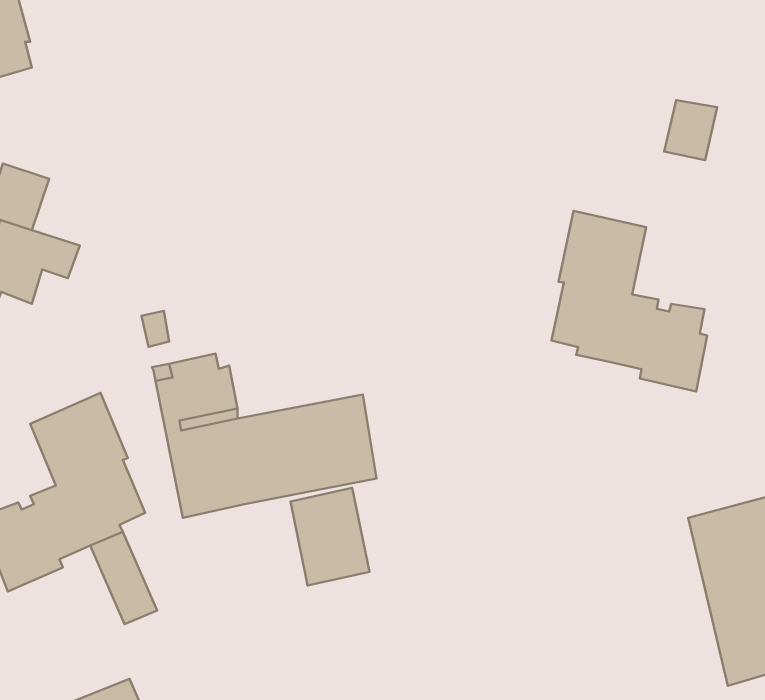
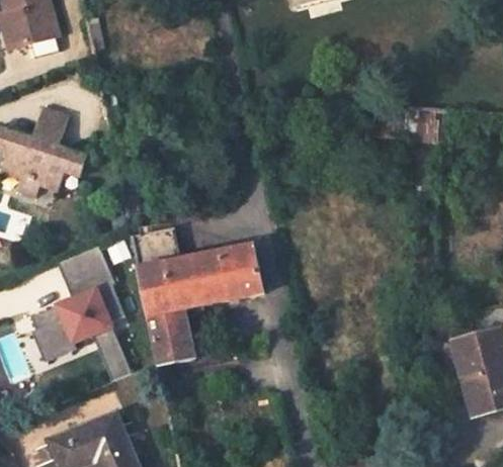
building: [664,100,717,160] -> [420,108,451,144]
building: [552,211,707,391] -> none
building: [291,488,369,585] -> [148,309,194,367]

